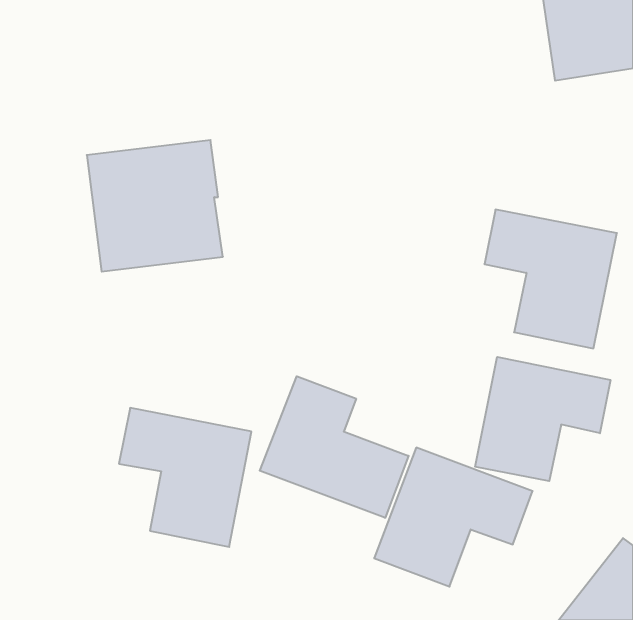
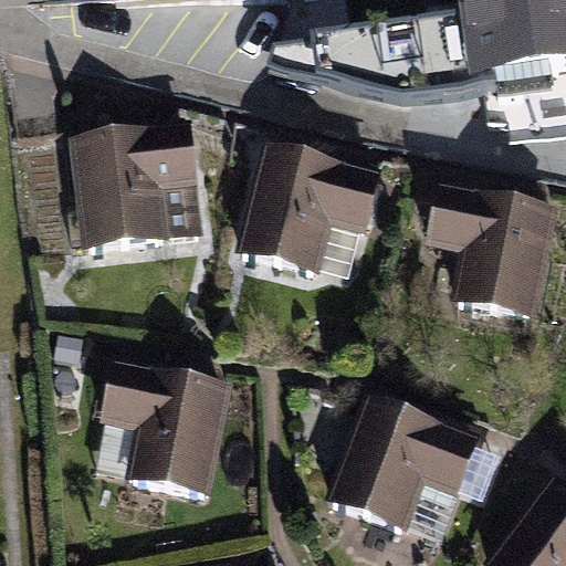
building: none -> [243,147,376,265]
building: [475,357,610,481] -> none
building: [260,376,409,518] -> none

